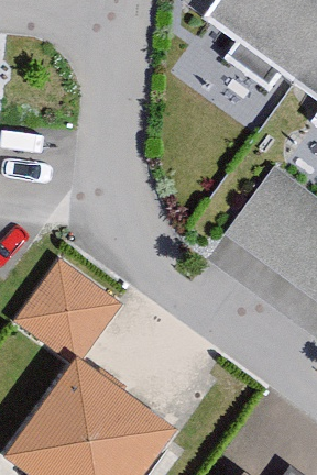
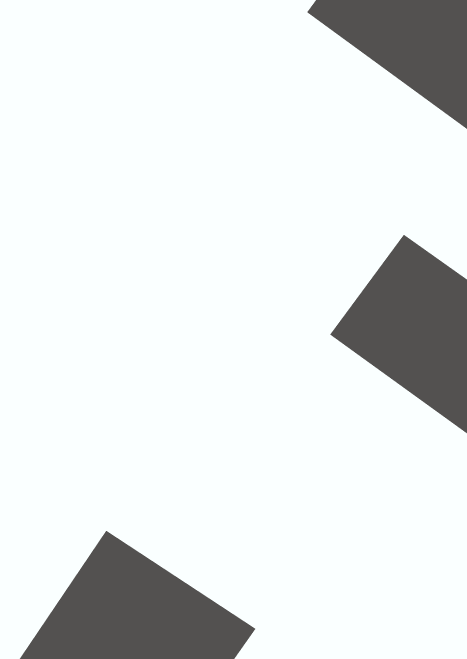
building: [17,262,116,362] -> none

